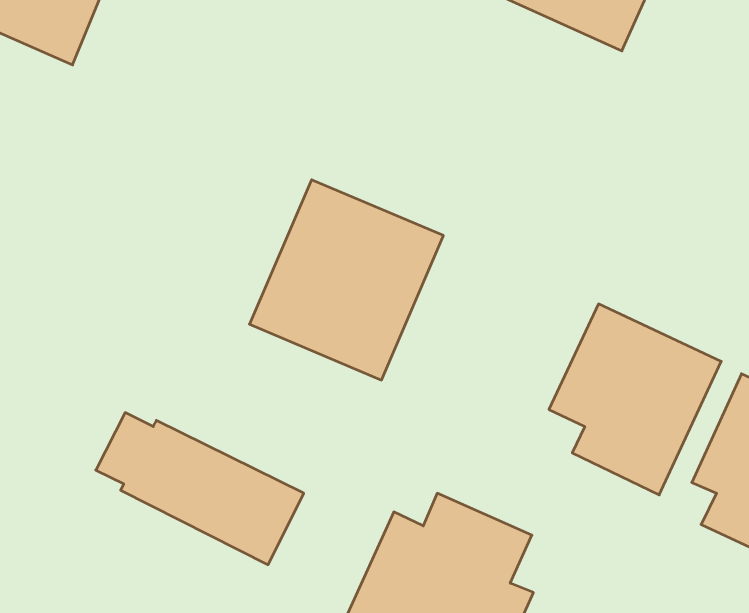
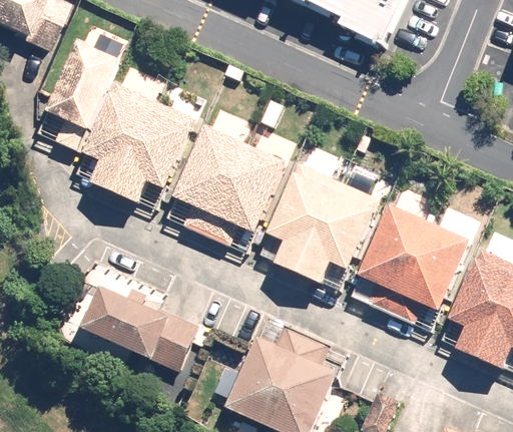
building: none -> [40,22,127,150]
building: none -> [78,80,196,203]
building: none -> [268,162,381,285]

